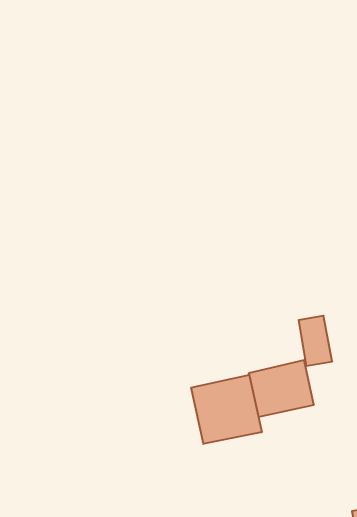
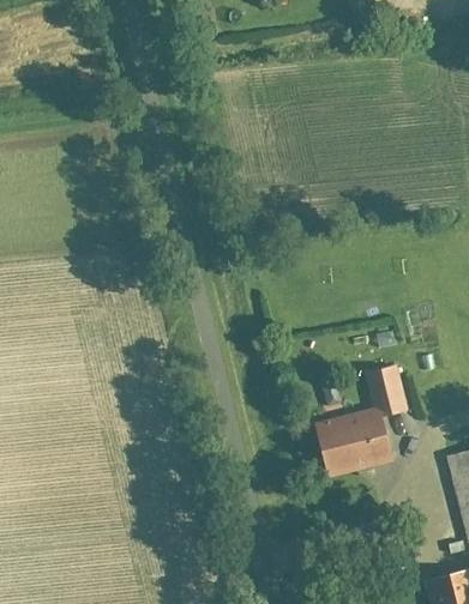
building: [191,375,262,444] -> none

